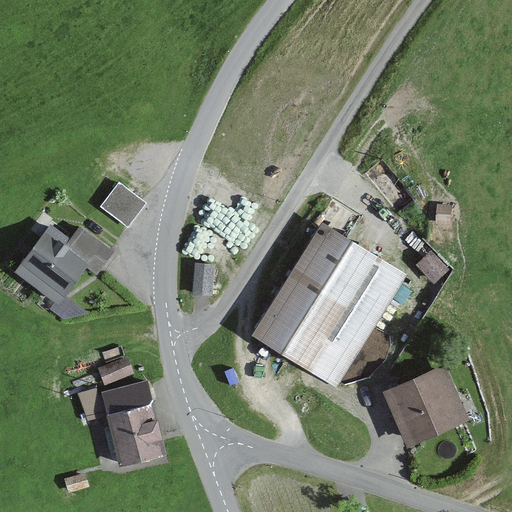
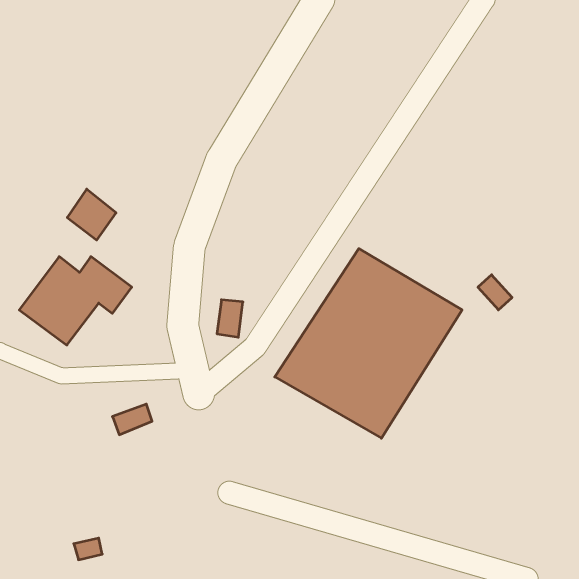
building: [103,183,146,228] -> [67,189,116,240]
building: [378,364,467,448] -> none
building: [77,377,166,469] -> none

